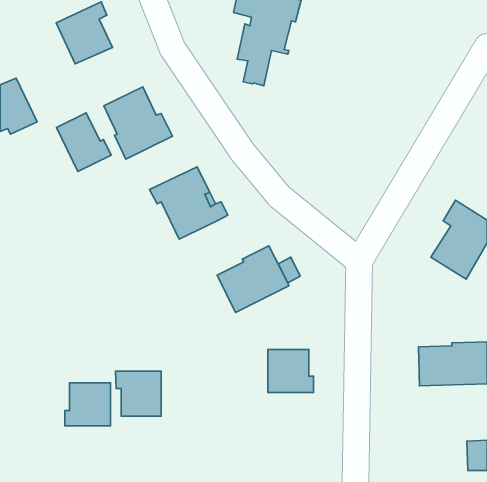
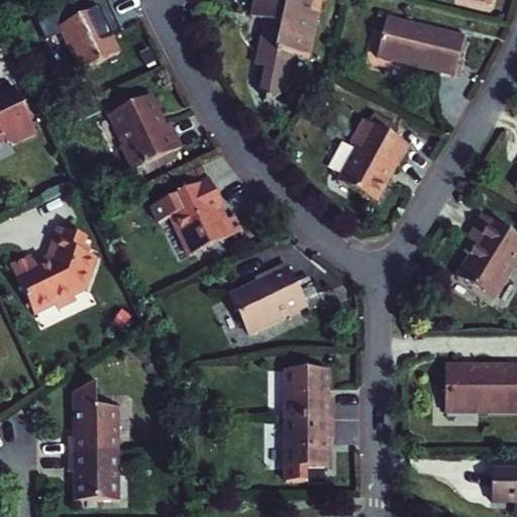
building: none -> [377,16,463,73]
building: none -> [338,116,409,200]
building: [56,113,111,171] -> none
building: none -> [11,223,97,310]
building: [115,371,161,416] -> [69,451,117,499]
building: none -> [284,416,332,462]

